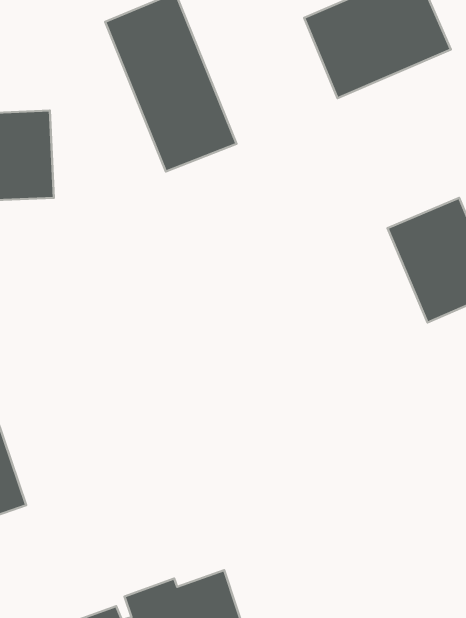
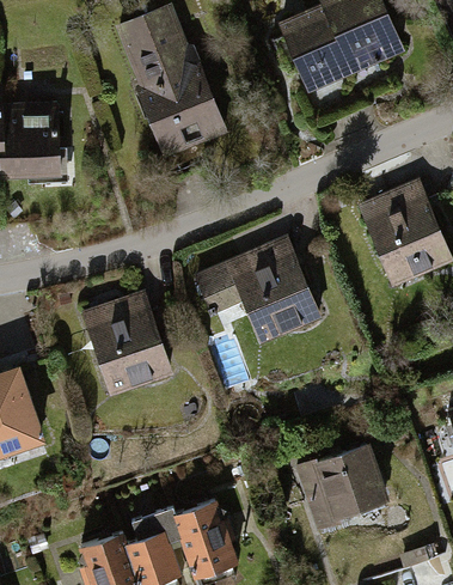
building: none -> [190,234,319,343]
building: none -> [79,290,170,396]
building: none -> [294,444,387,526]

